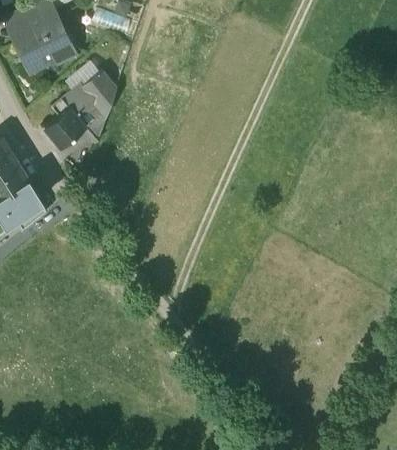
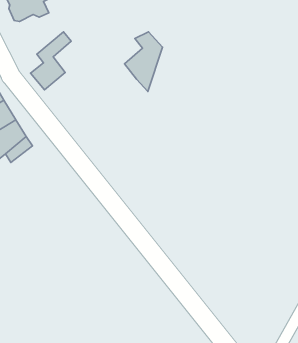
building: [72,74,116,143] -> [124,32,162,91]

